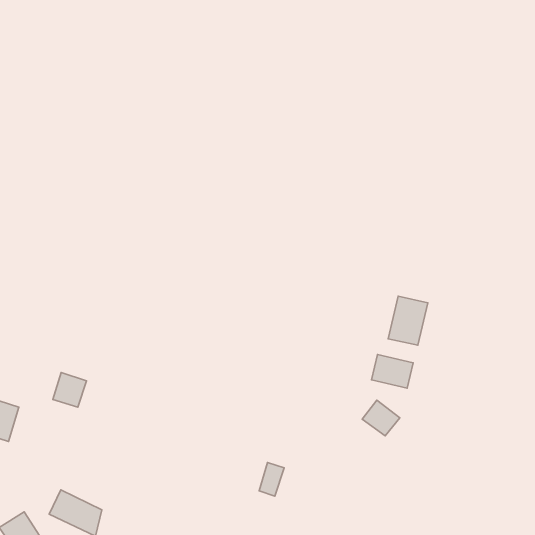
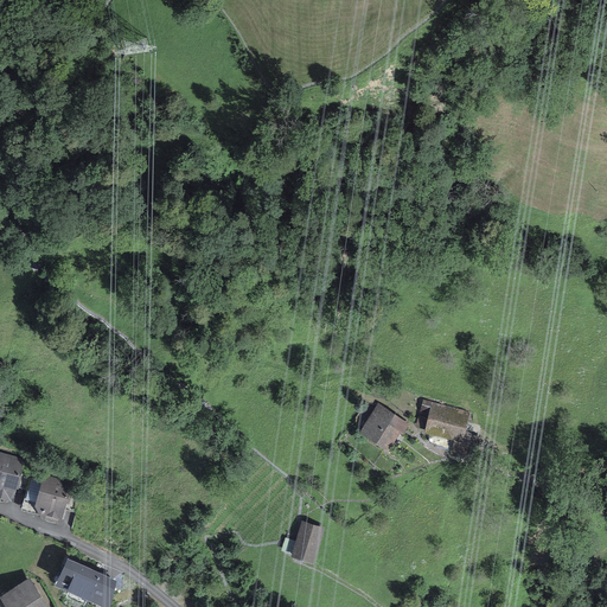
building: [388,296,428,345] -> none
building: [53,372,86,407] -> [32,480,70,519]
building: [362,400,400,436] -> [360,405,403,446]

